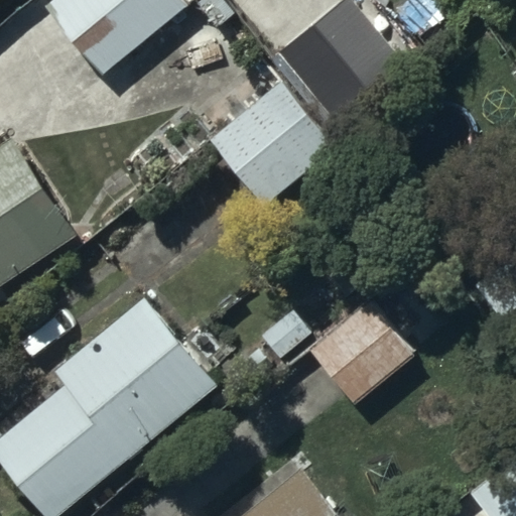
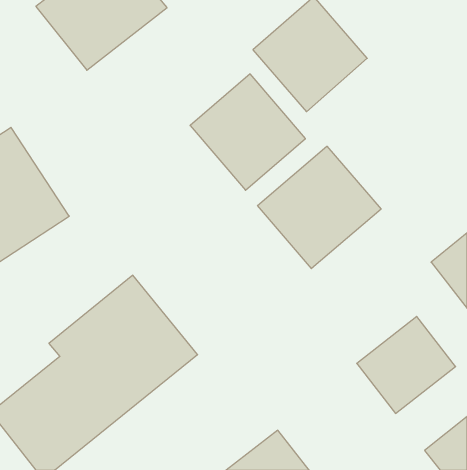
building: none -> [258,146,381,269]
building: [307,299,415,405] -> [357,316,456,413]

